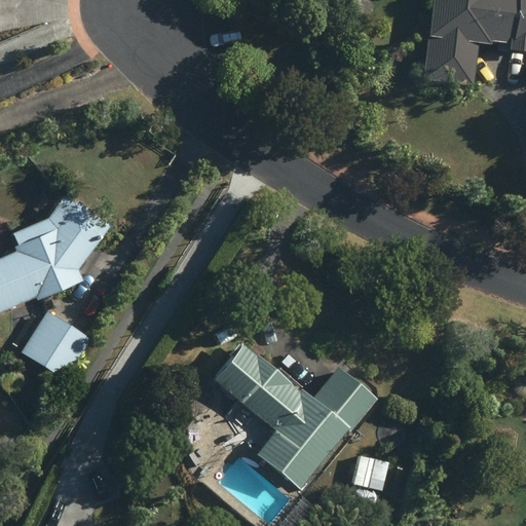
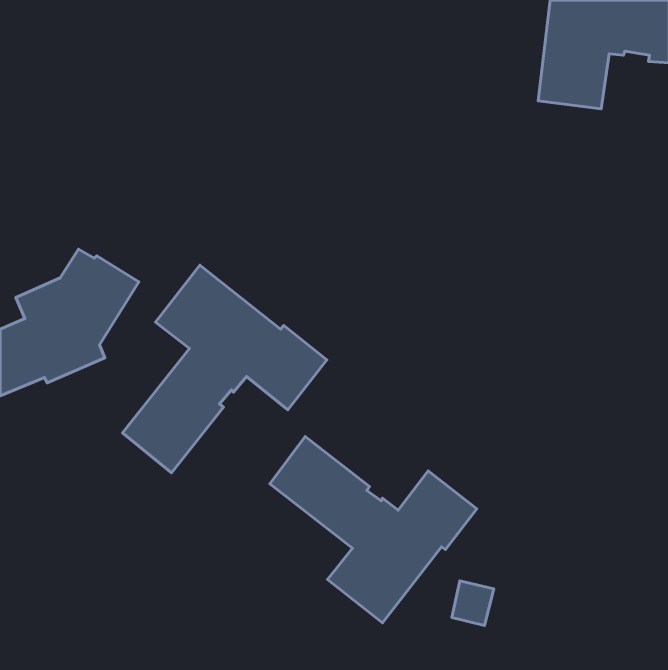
building: none -> [123,265,327,473]
building: [22,312,89,378] -> none

